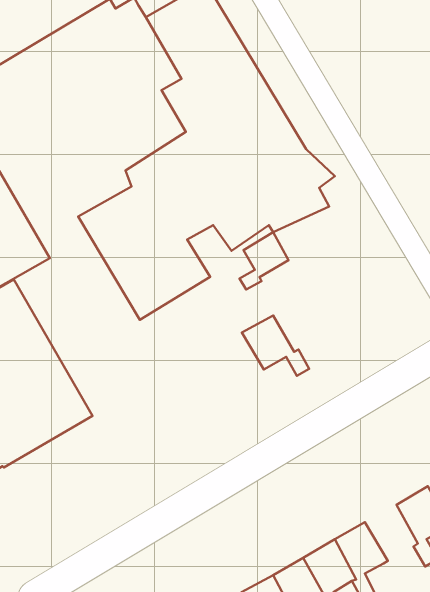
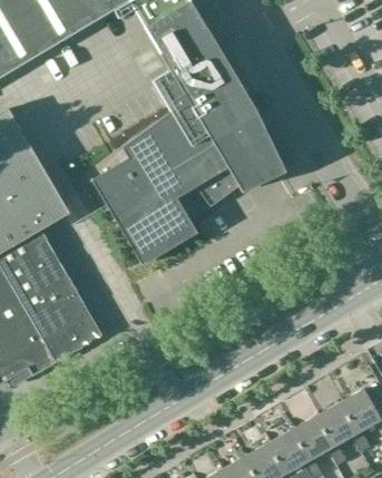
building: [240,232,289,290] -> none
building: [242,315,309,376] -> none
building: none -> [313,403,354,465]

